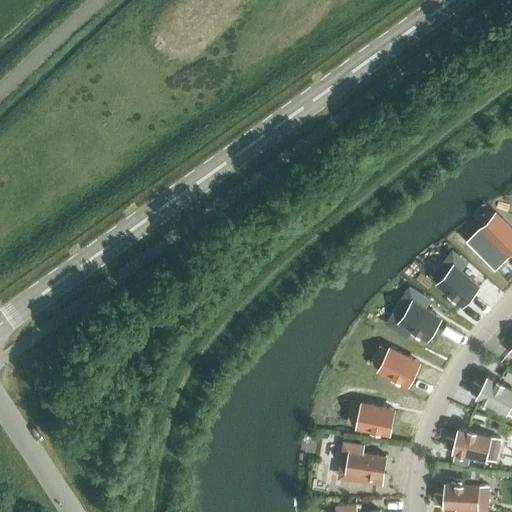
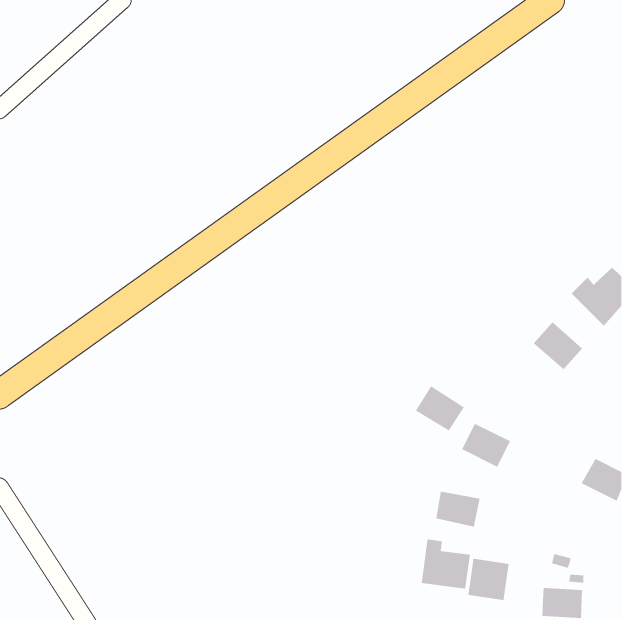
building: [399,302,440,340] -> [415,385,465,431]
building: [453,430,491,461] -> none
building: none -> [468,558,509,601]

